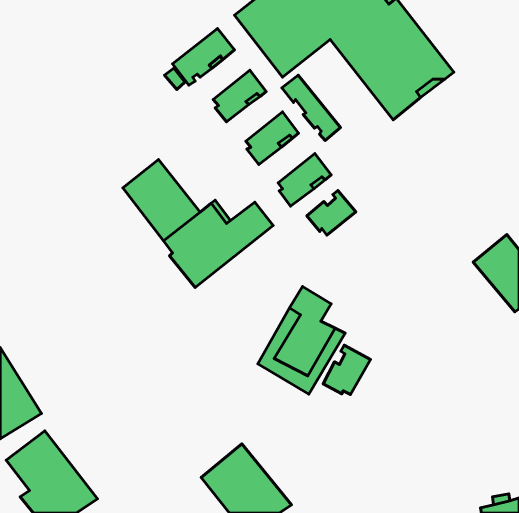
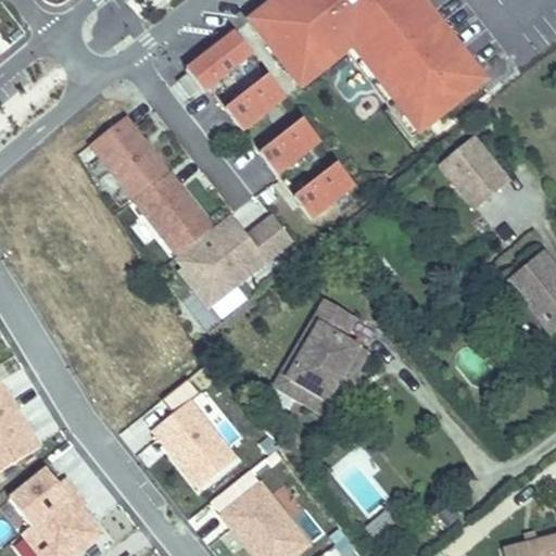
building: [282,75,340,141] -> none
building: none -> [88,114,169,201]
building: none -> [443,139,508,205]
building: [307,191,356,235] -> none
building: [323,345,370,394] -> none
building: none -> [151,378,237,486]

